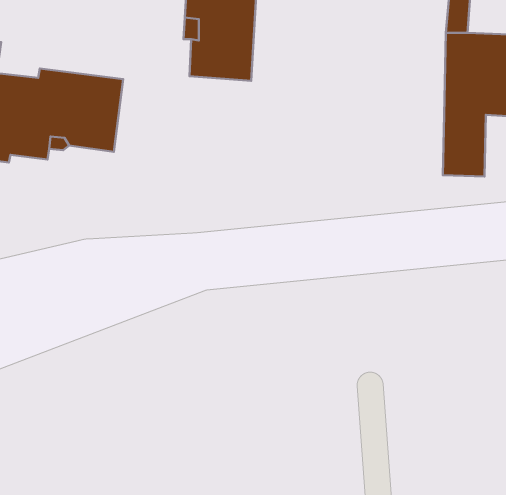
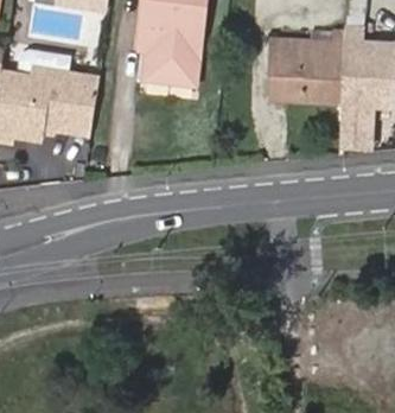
building: none -> [267,38,344,103]

